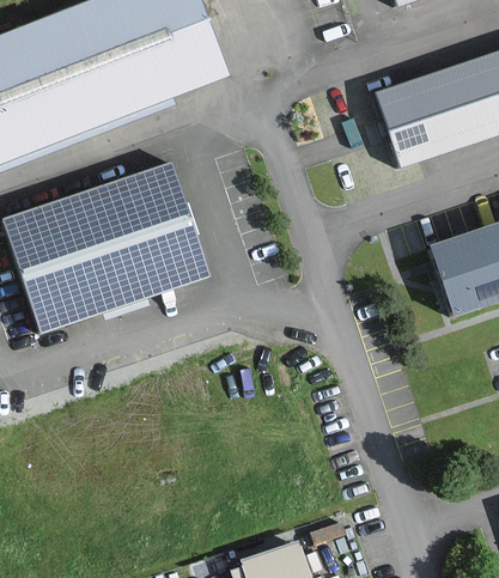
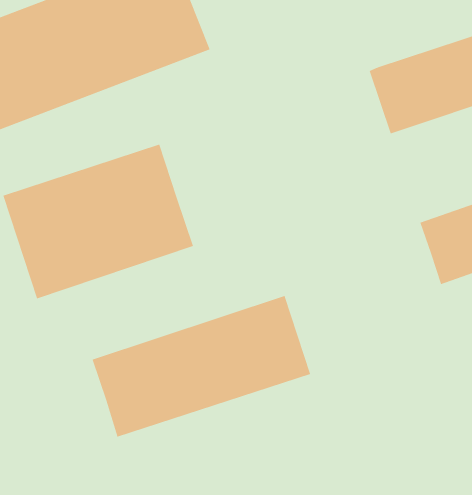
building: none -> [92,295,311,438]

